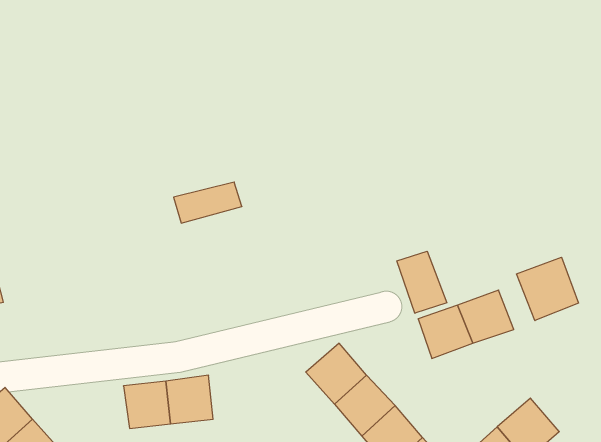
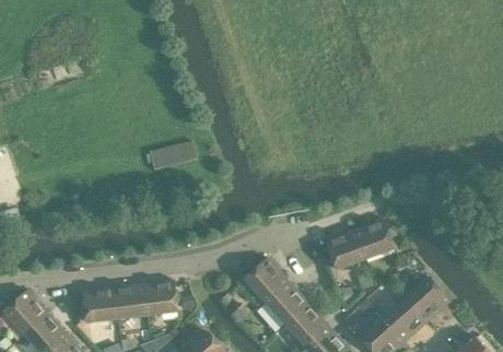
building: [397,251,447,313] -> none
building: [516,257,578,321] -> none
building: none -> [405,278,448,321]
building: none -> [81,289,116,324]

